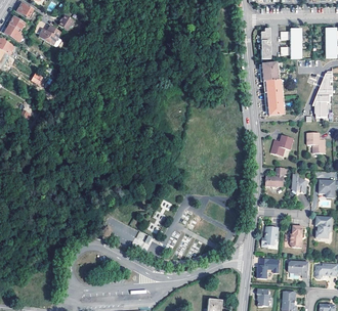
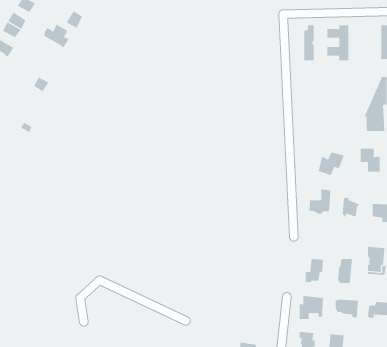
building: [261,60,284,115] -> none

